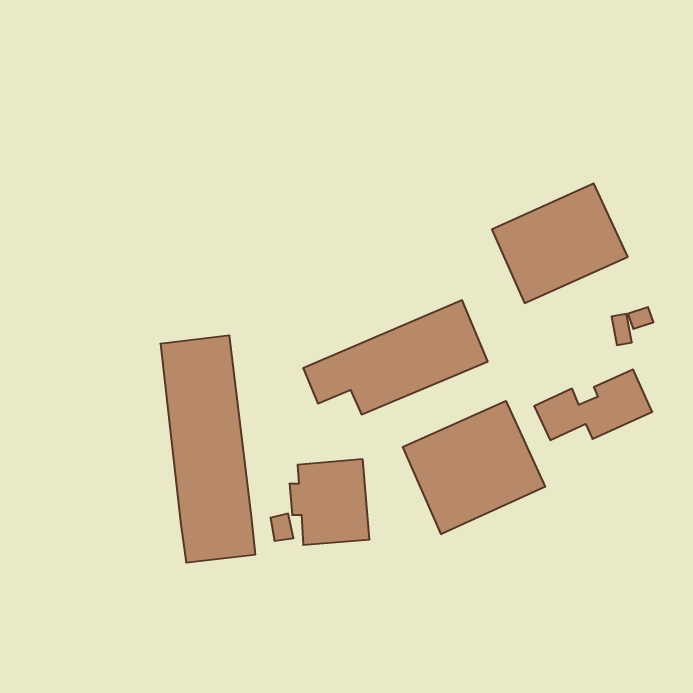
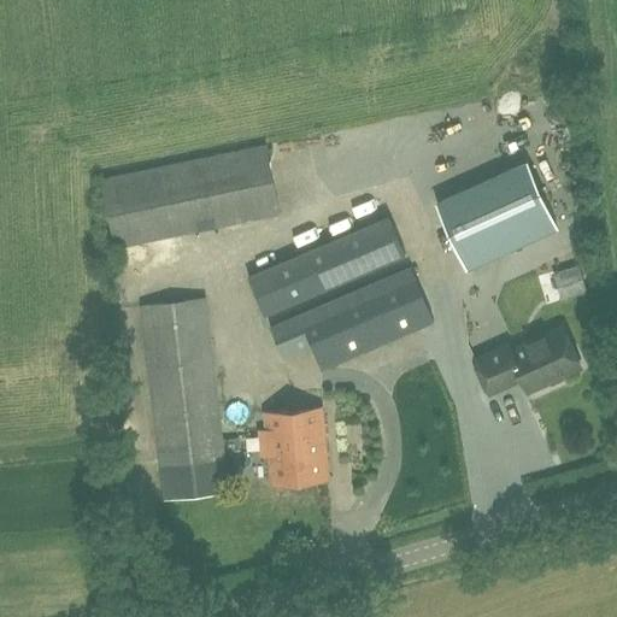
building: none -> [101,146,278,247]
building: none -> [247,218,405,316]
building: [403,401,545,534] -> none

